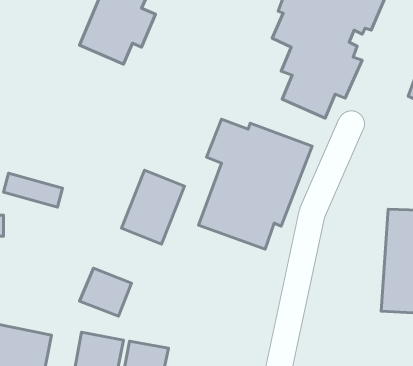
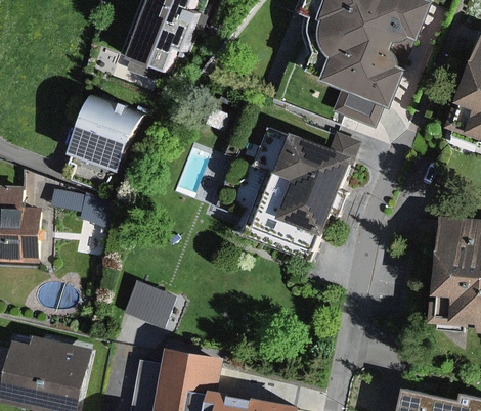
building: [122,170,185,244] -> [70,100,134,176]

